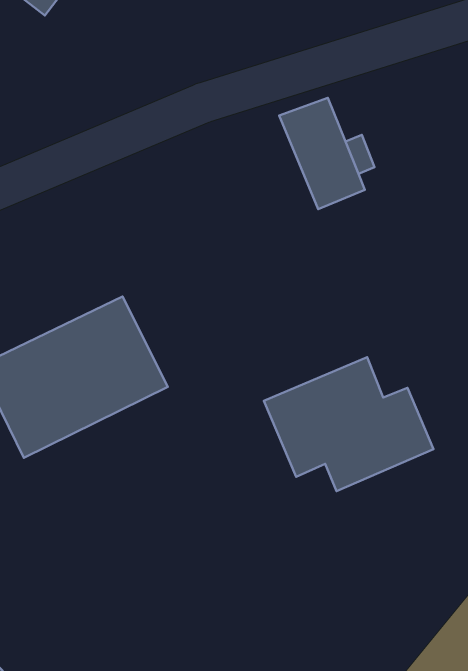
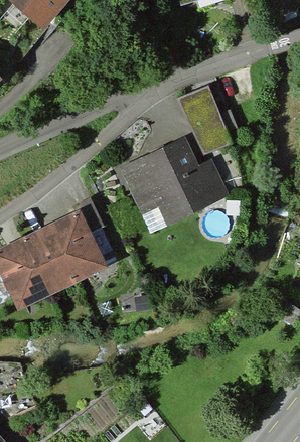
building: [264,357,433,491] -> [122,142,228,226]

